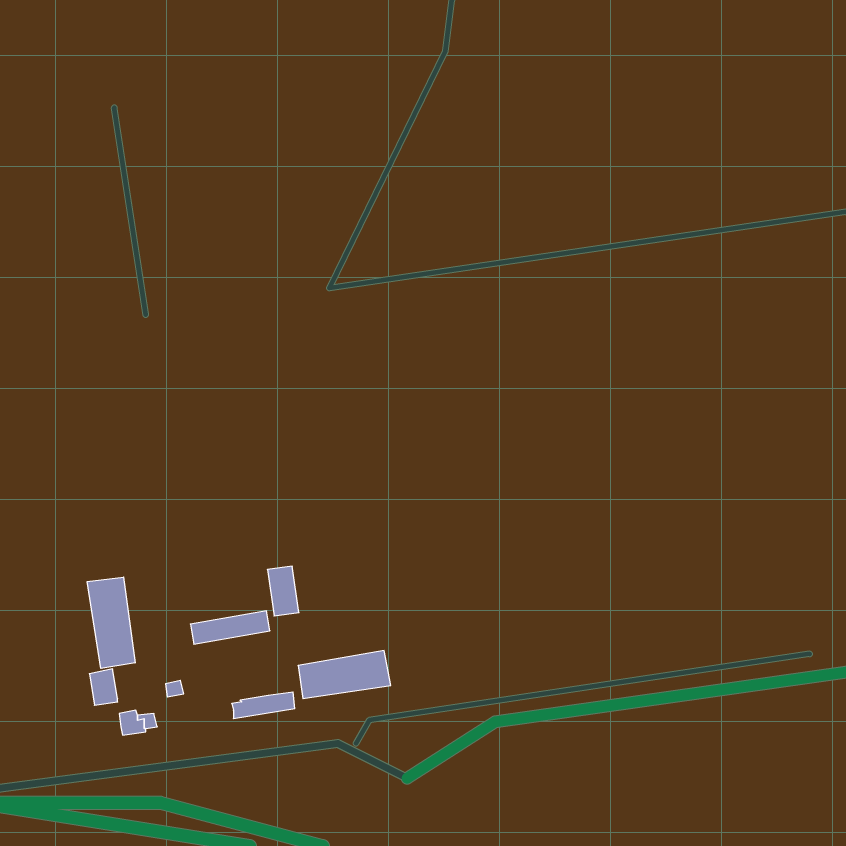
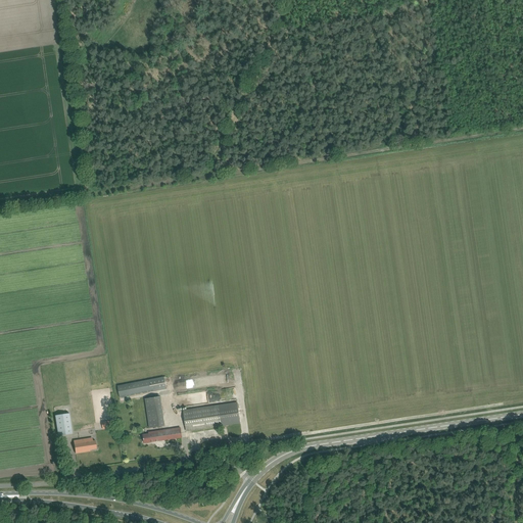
building: [267,566,299,616] -> [145,396,164,427]
building: [87,577,135,668] -> none

